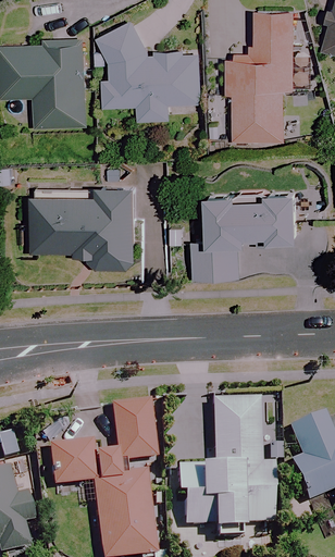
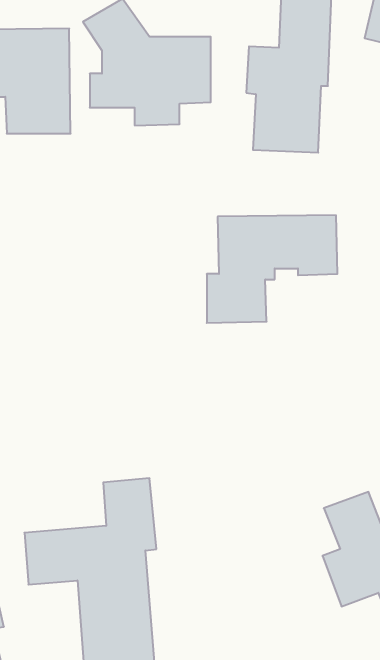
building: [39,184,137,268] -> none
building: [177,399,276,530] -> none

